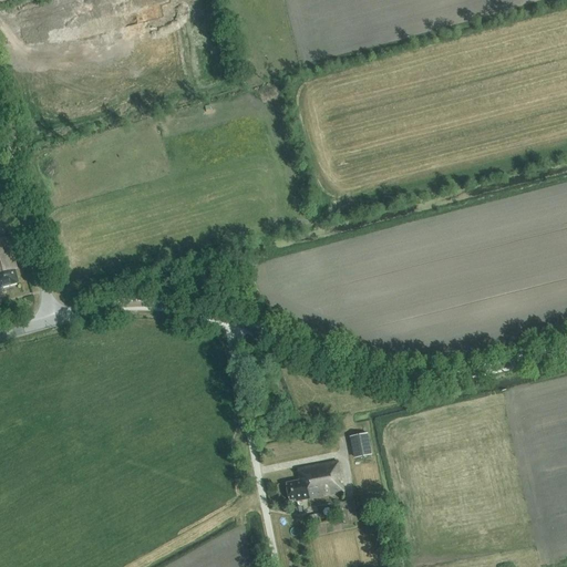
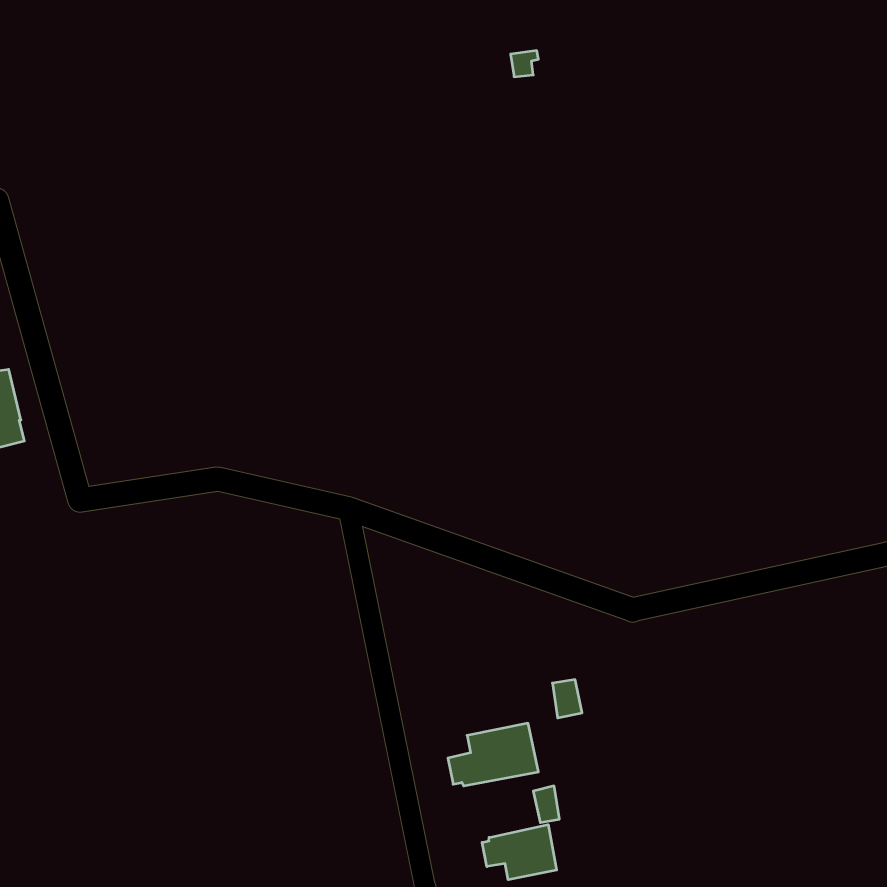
building: none -> [482,825,557,880]

